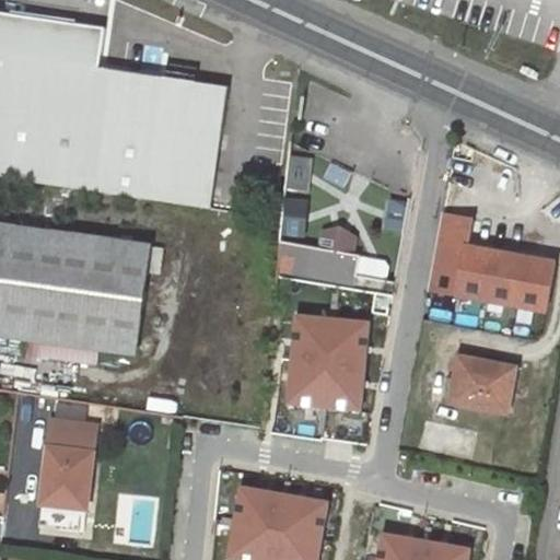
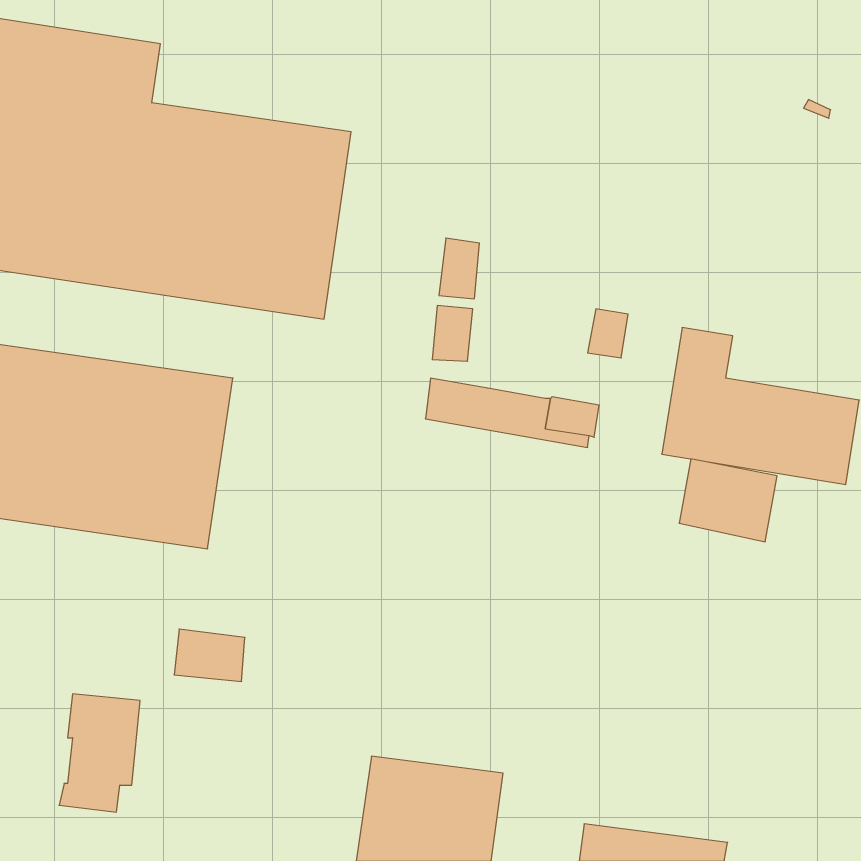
building: [316,228,357,258] -> none
building: [277,312,374,416] -> none
building: [450,358,513,411] -> [679,459,777,542]
building: [47,420,93,454] -> [174,629,245,681]

